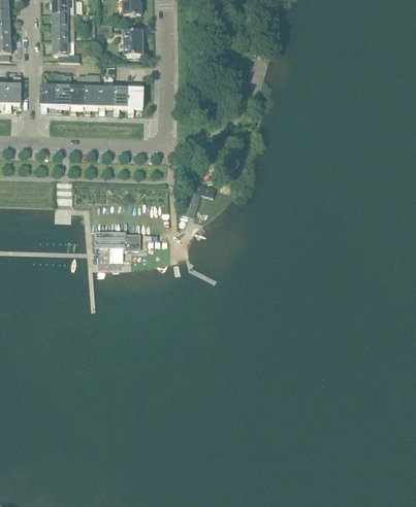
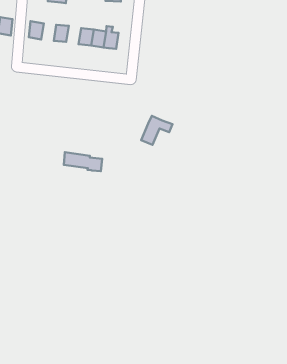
building: [56,71,71,104] -> none
building: [85,72,100,105] -> none

